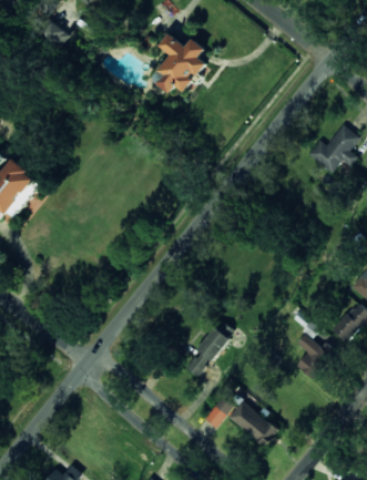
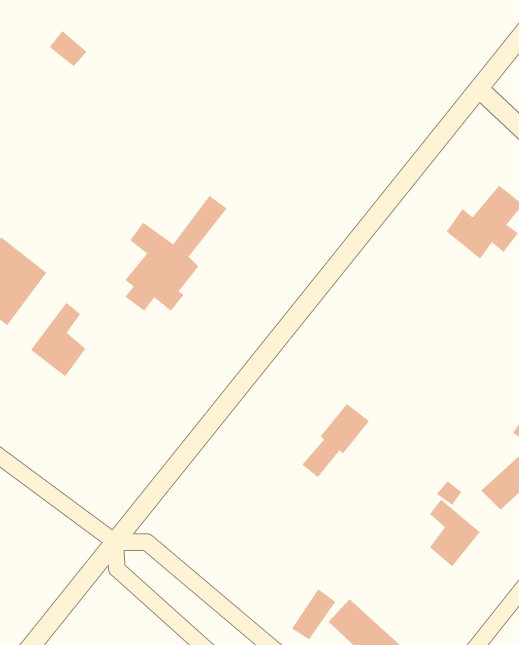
building: [157,16,226,93] -> [125,195,228,312]
building: none -> [30,302,86,377]
building: [185,327,231,377] -> [302,403,370,478]

